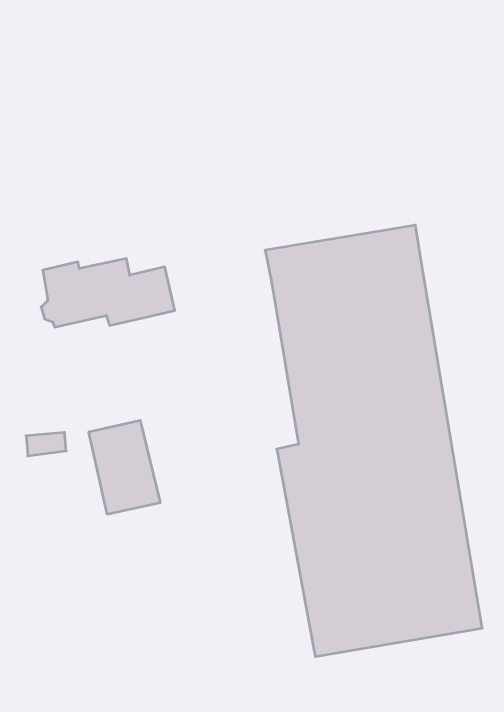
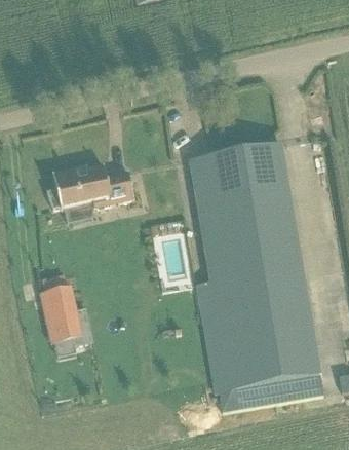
building: [89,420,160,514] -> [39,284,83,341]

